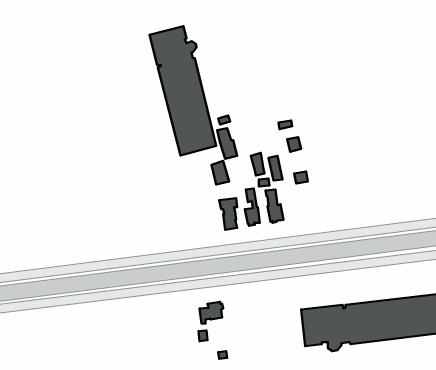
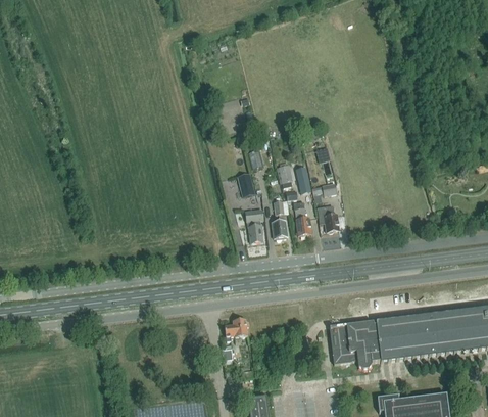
building: [149,26,216,155] -> none
building: none -> [318,202,339,231]

